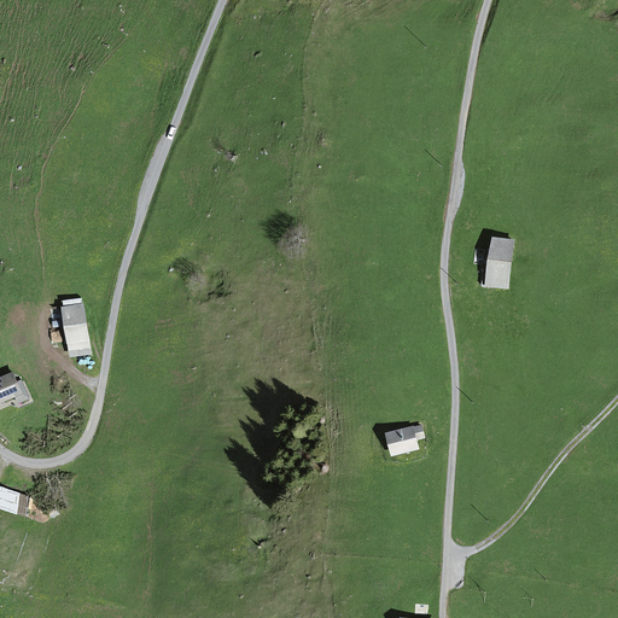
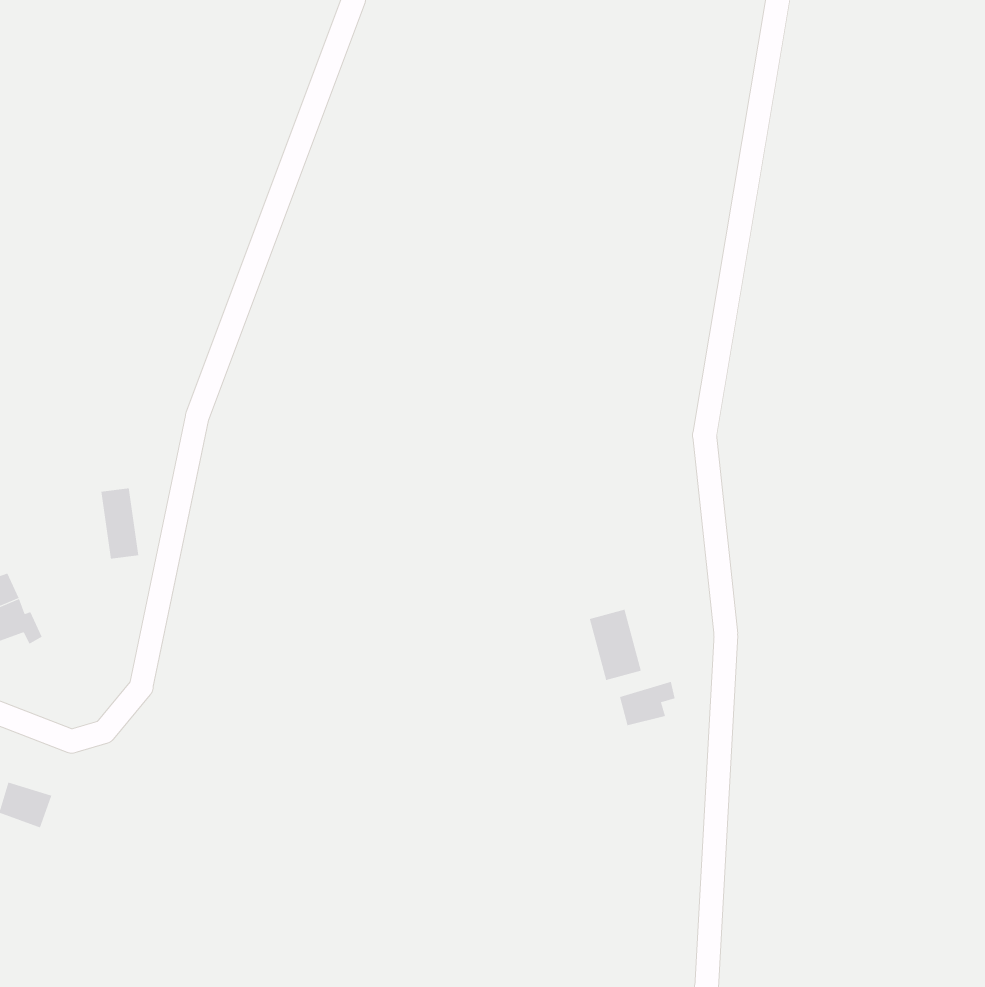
building: [485,238,511,287] -> none
building: none -> [589,609,641,681]

